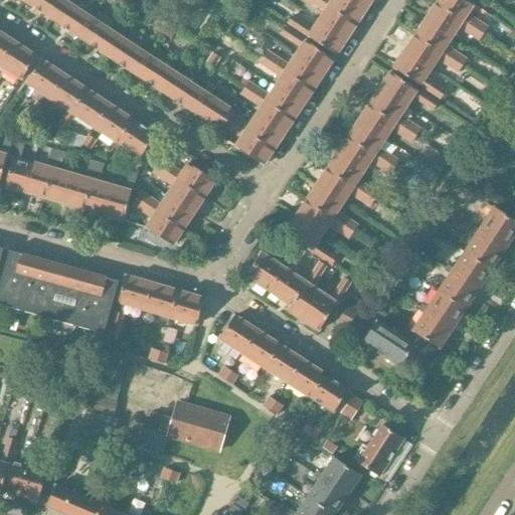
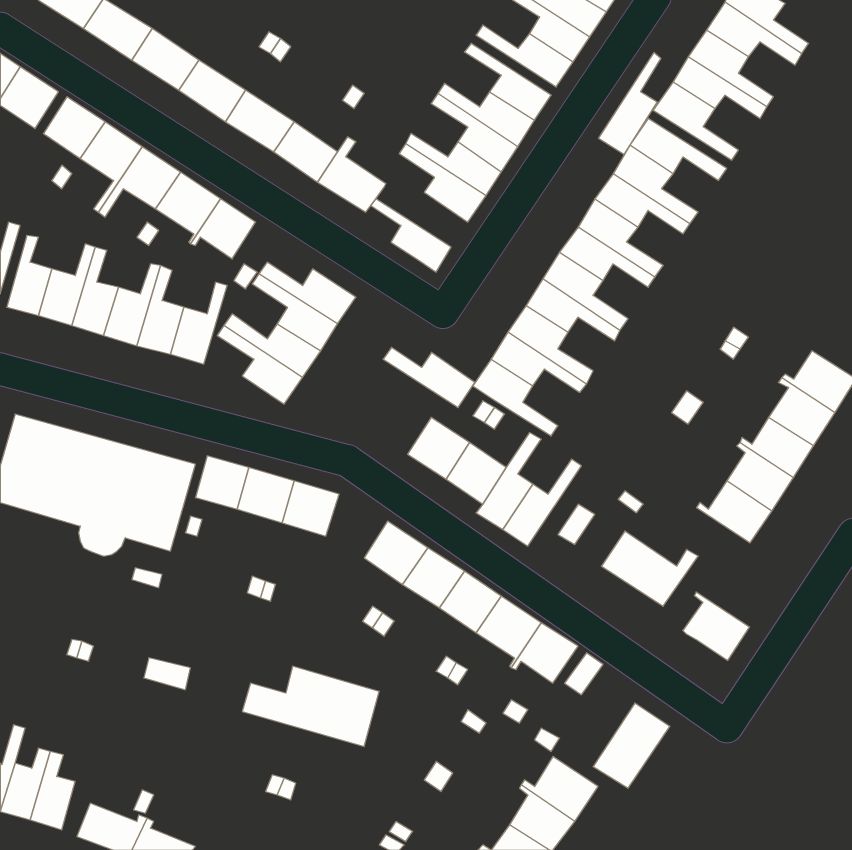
building: none -> [599,52,661,155]
building: [227,113,283,149] -> [383,347,475,408]
building: [412,306,453,347] -> [683,592,750,660]

